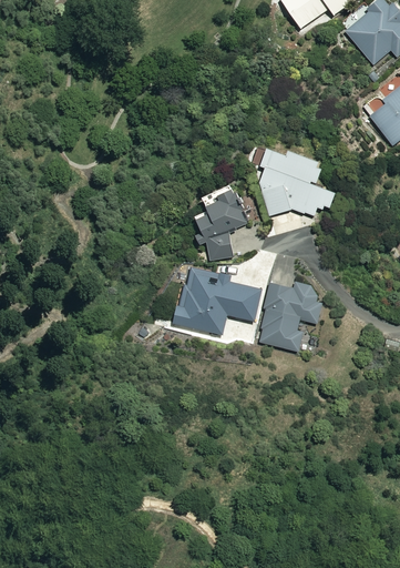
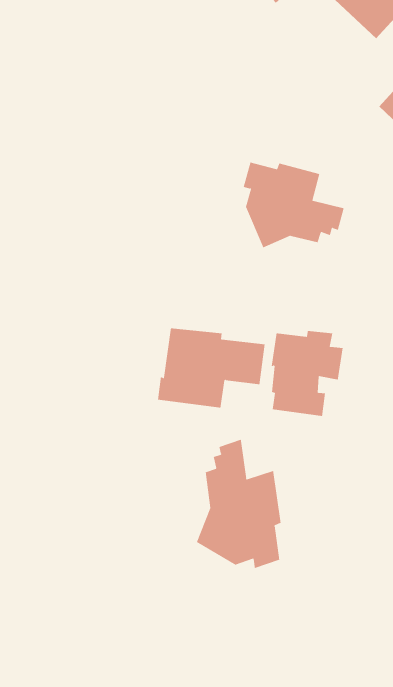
building: [195,185,246,262] -> none
building: none -> [196,439,281,569]

